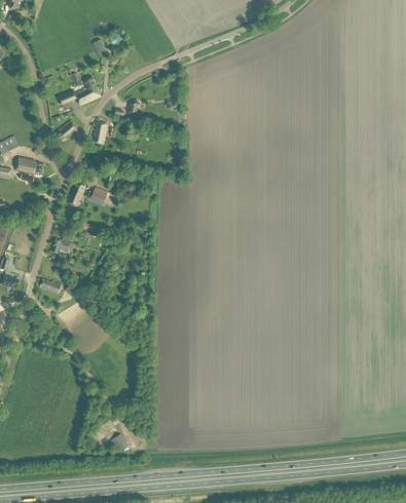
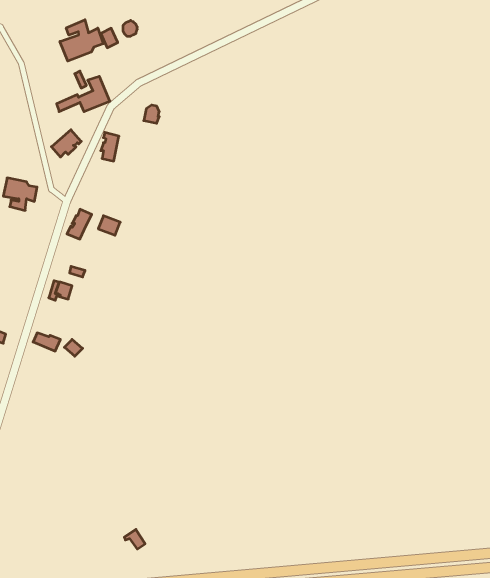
building: none -> [60,20,103,61]

